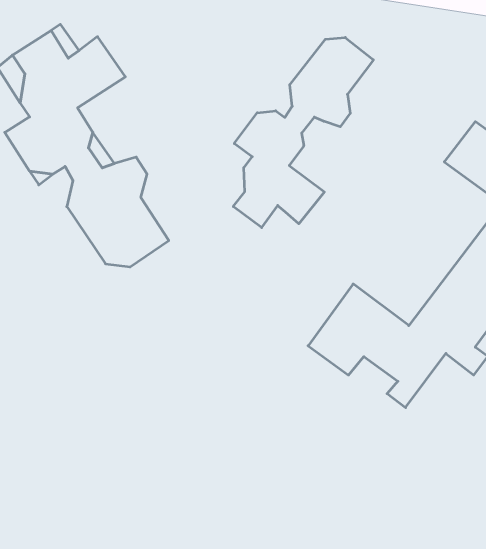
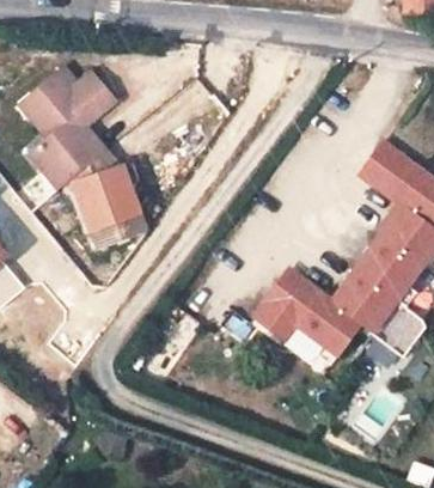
building: [233,37,373,228] -> none

